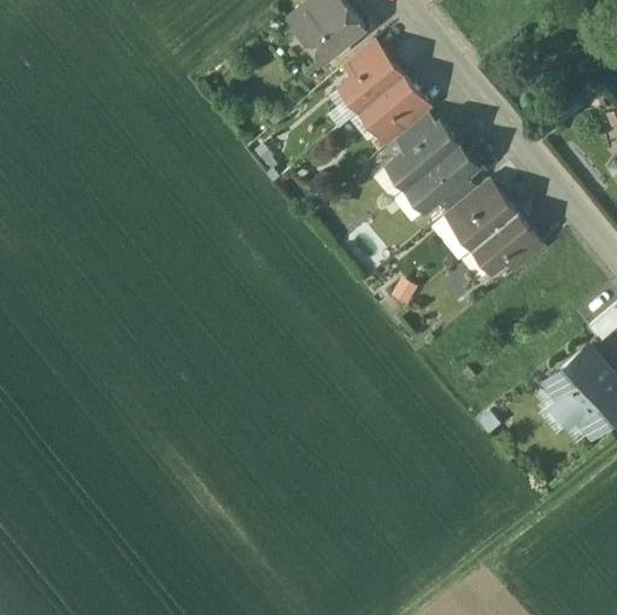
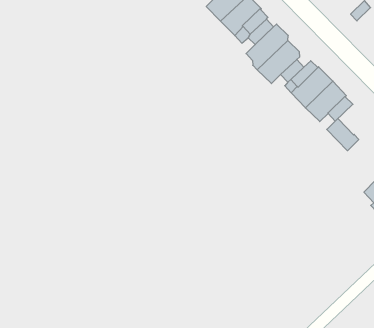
building: none -> [327,119,359,151]

